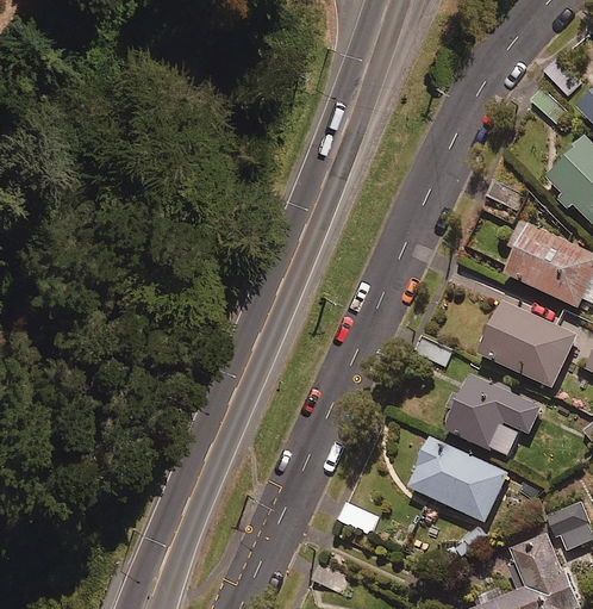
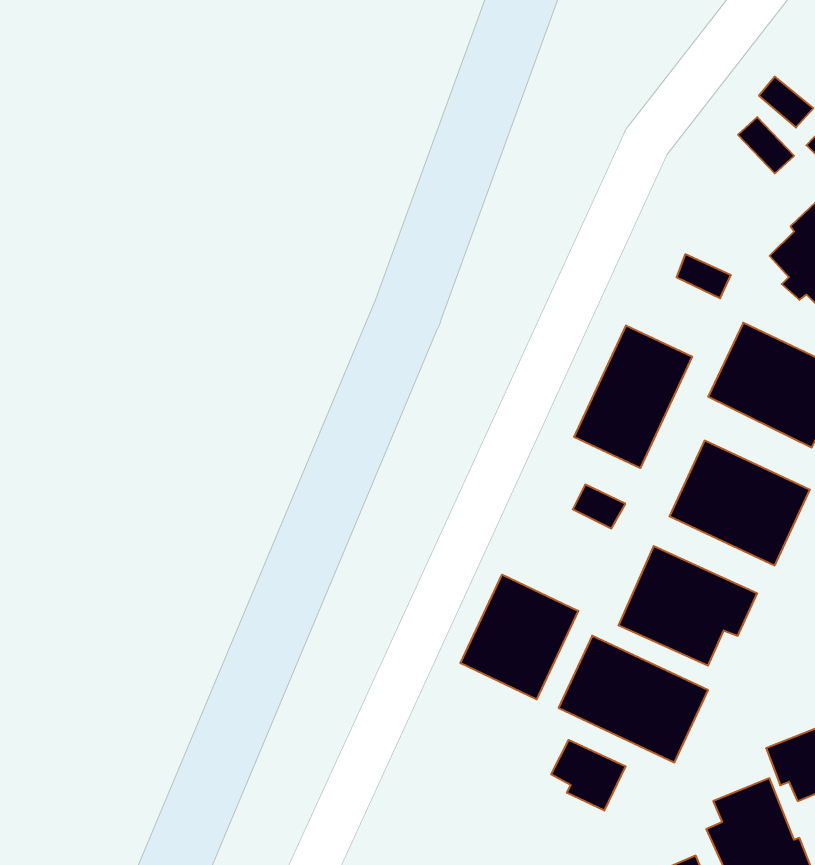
building: none -> [574,325,692,468]
building: none -> [460,575,578,699]
building: none -> [551,740,626,811]

